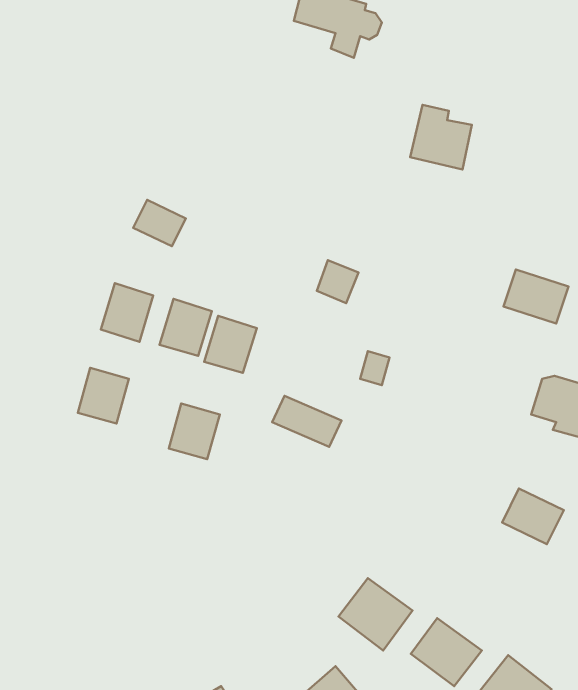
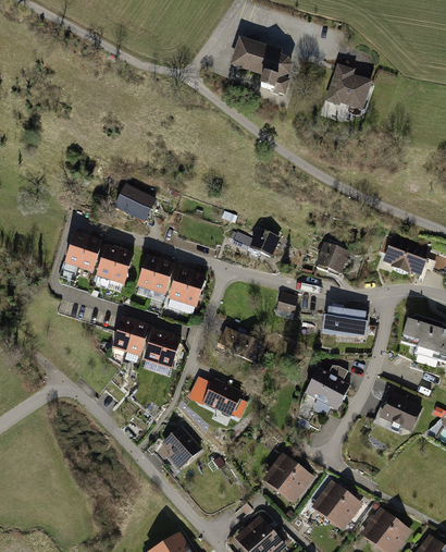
building: [410,105,472,170] -> [327,64,371,110]
building: none -> [64,234,100,274]
building: none -> [314,244,348,277]
building: none -> [321,305,370,338]
building: [78,368,129,423] -> [112,320,148,359]
building: none -> [302,367,348,408]
building: none -> [186,376,246,418]
building: none -> [157,426,200,470]

